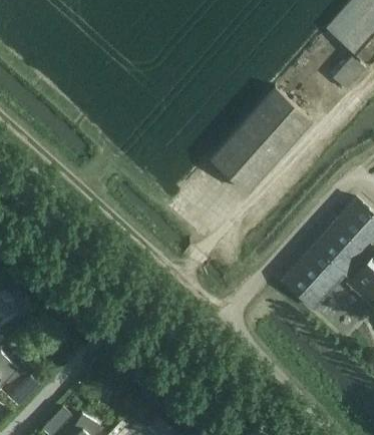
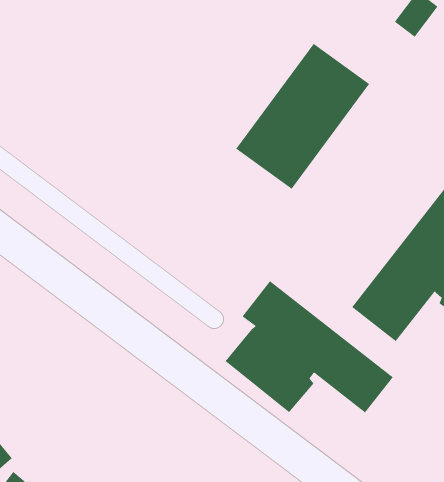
building: none -> [224,280,394,413]

